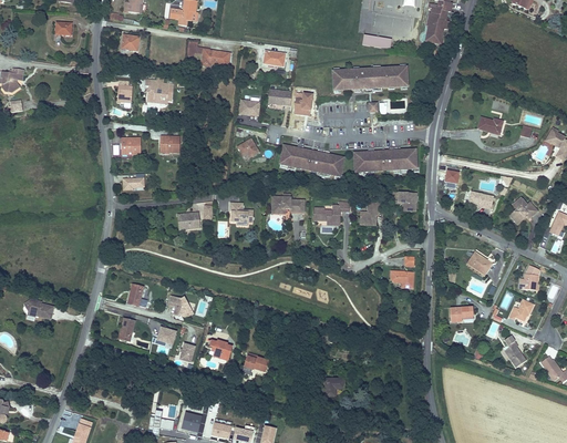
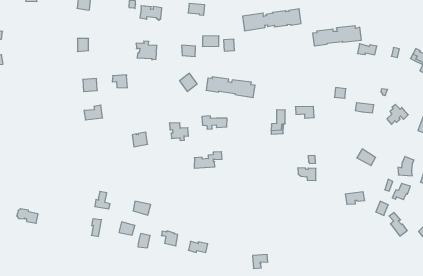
building: [147,76,174,101] -> [136,41,157,60]
building: [354,150,416,172] -> [313,26,361,46]
building: [313,202,350,220] -> [194,152,222,168]

